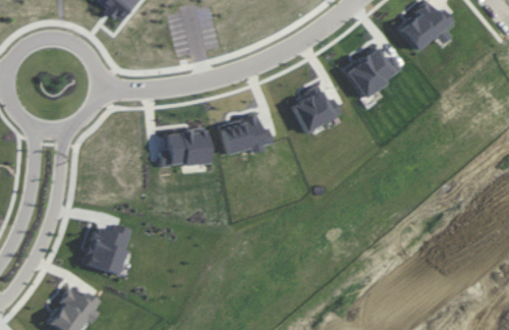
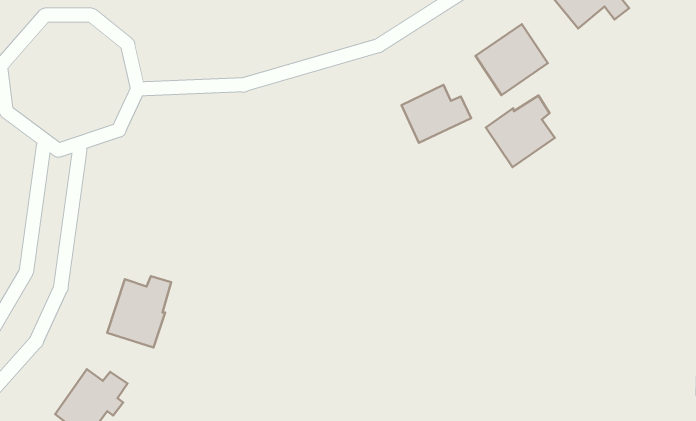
building: none -> [486,96,555,167]
building: [220,116,274,155] -> none
building: [162,129,211,166] -> none

